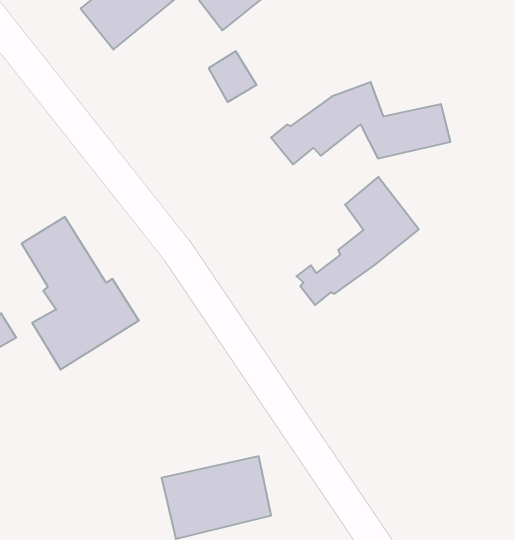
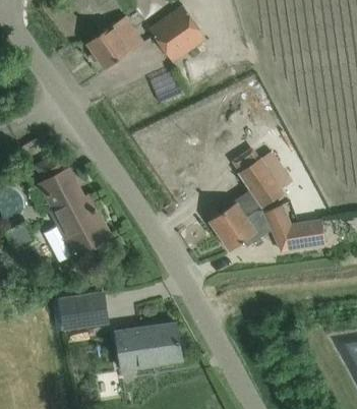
building: [271,82,450,164] -> [217,203,325,250]
building: none -> [60,294,107,329]

